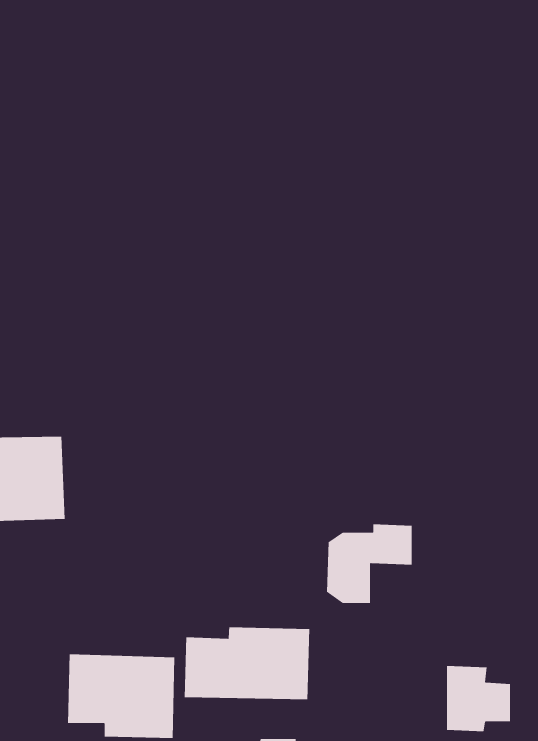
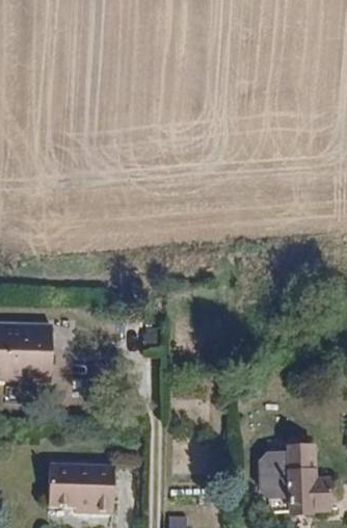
building: [326,524,412,604] -> [258,445,312,495]
building: [184,626,310,700] -> none

